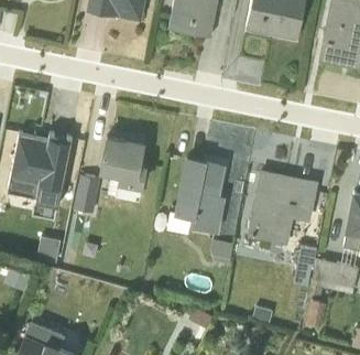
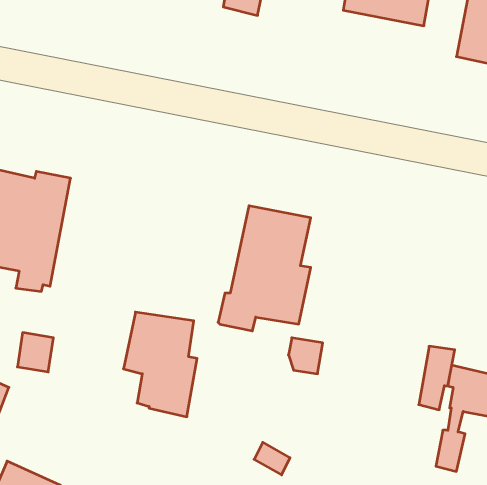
building: [99,136,146,203] -> [123,312,197,417]
building: [248,171,318,245] -> none
building: [75,175,100,213] -> none

